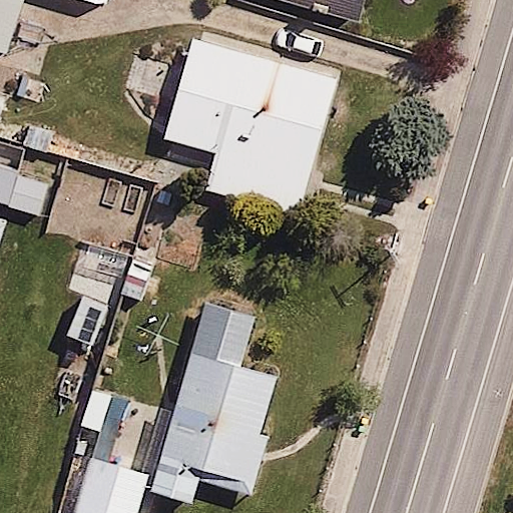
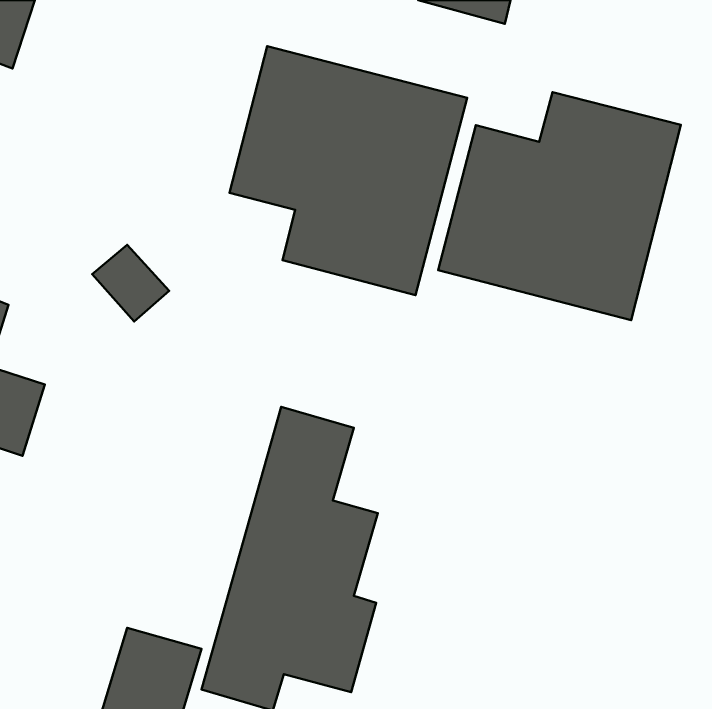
building: none -> [438,92,681,320]

